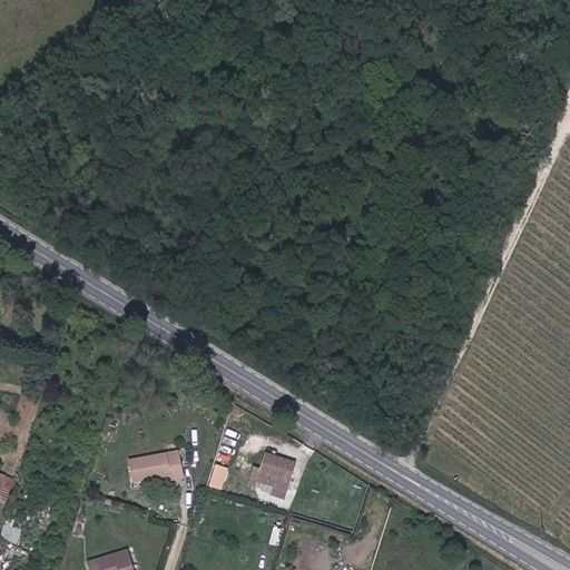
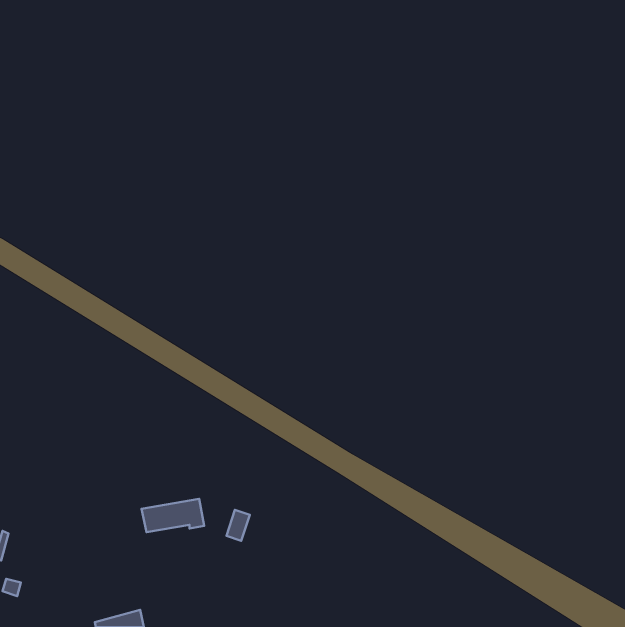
building: [255,453,291,495] -> none

